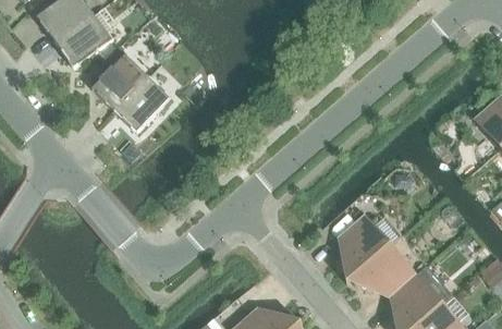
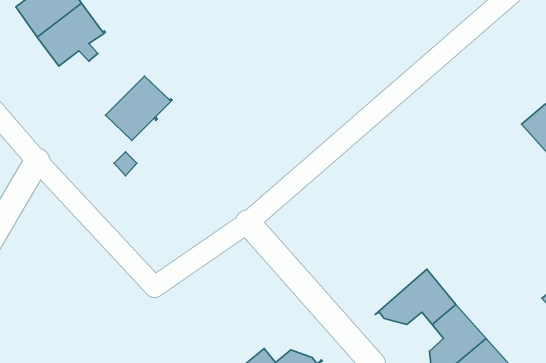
building: [93,47,148,110] -> none
building: [342,214,392,282] -> none

